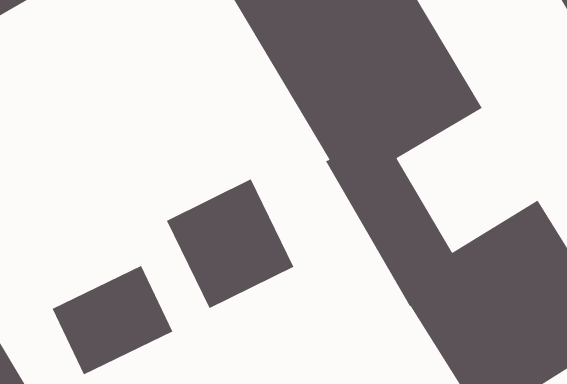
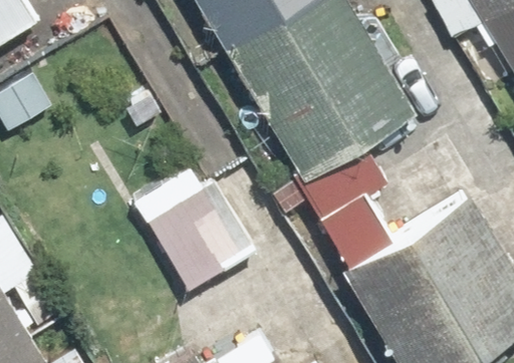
building: [52,265,173,375] -> none

